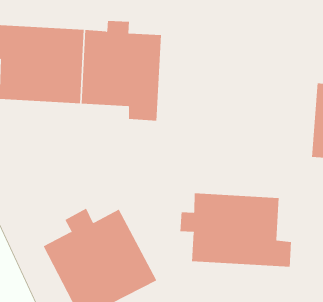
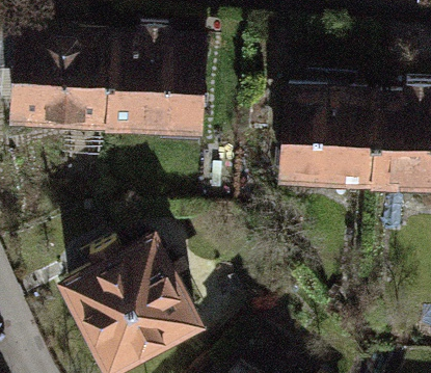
building: none -> [282,96,379,186]
building: [180,192,291,267] -> none

